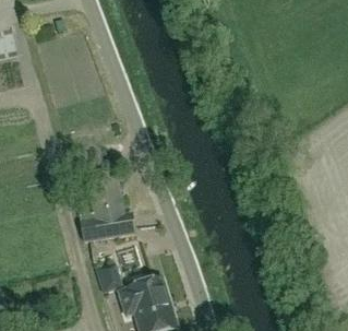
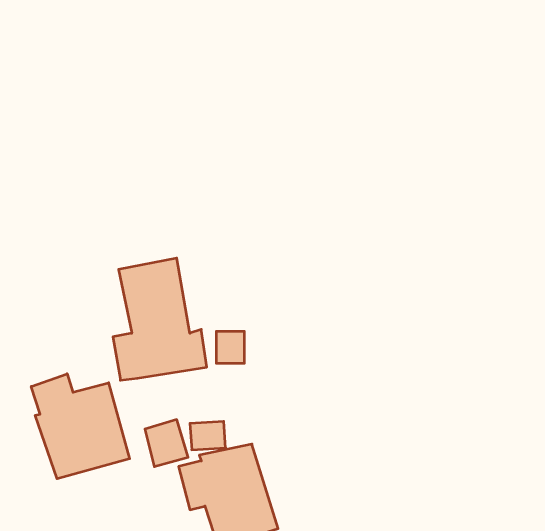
building: none -> [31,374,130,479]

